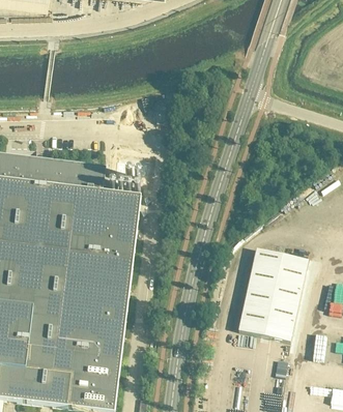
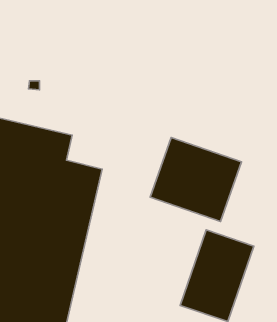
building: none -> [150,138,241,222]

